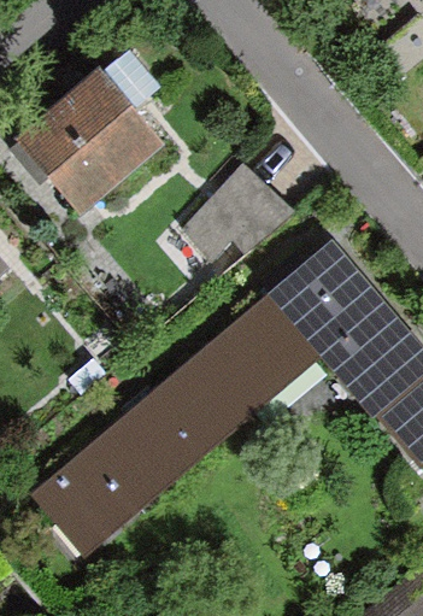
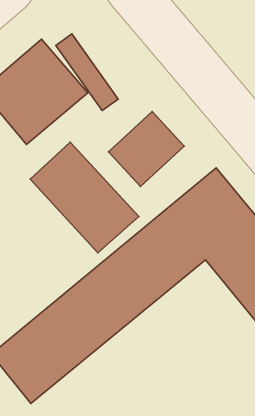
building: none -> [30,142,139,253]

